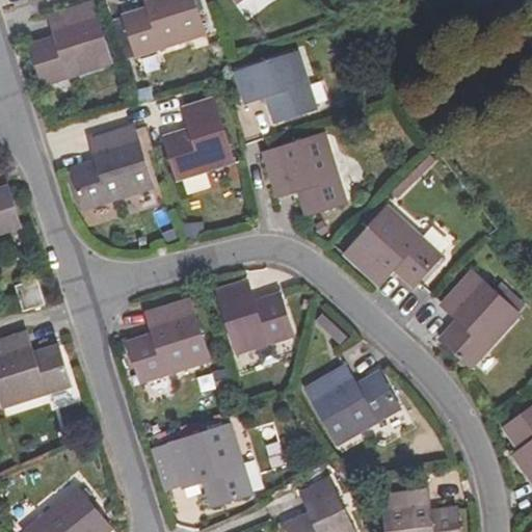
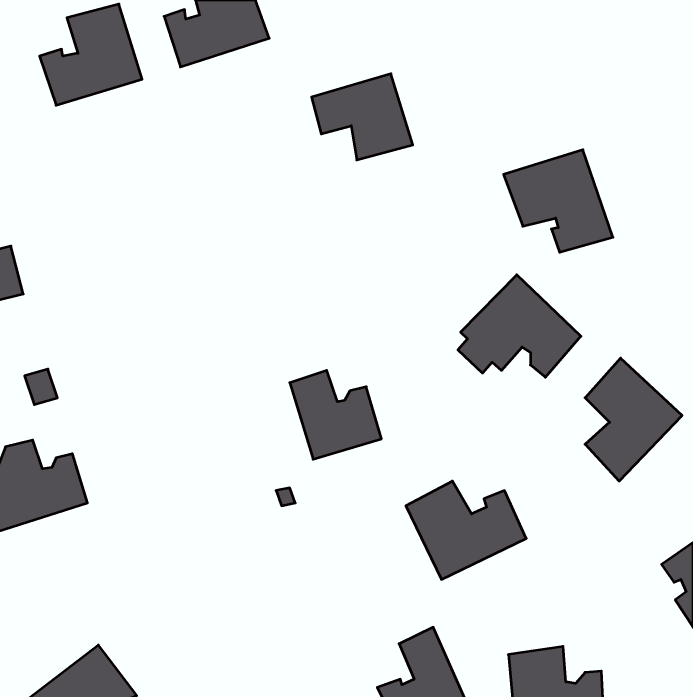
building: [165,99,232,177] -> none
building: [71,130,148,207] -> none
building: [265,135,348,213] -> [504,150,613,252]
building: [128,300,206,379] -> none
building: [170,427,246,503] -> none

